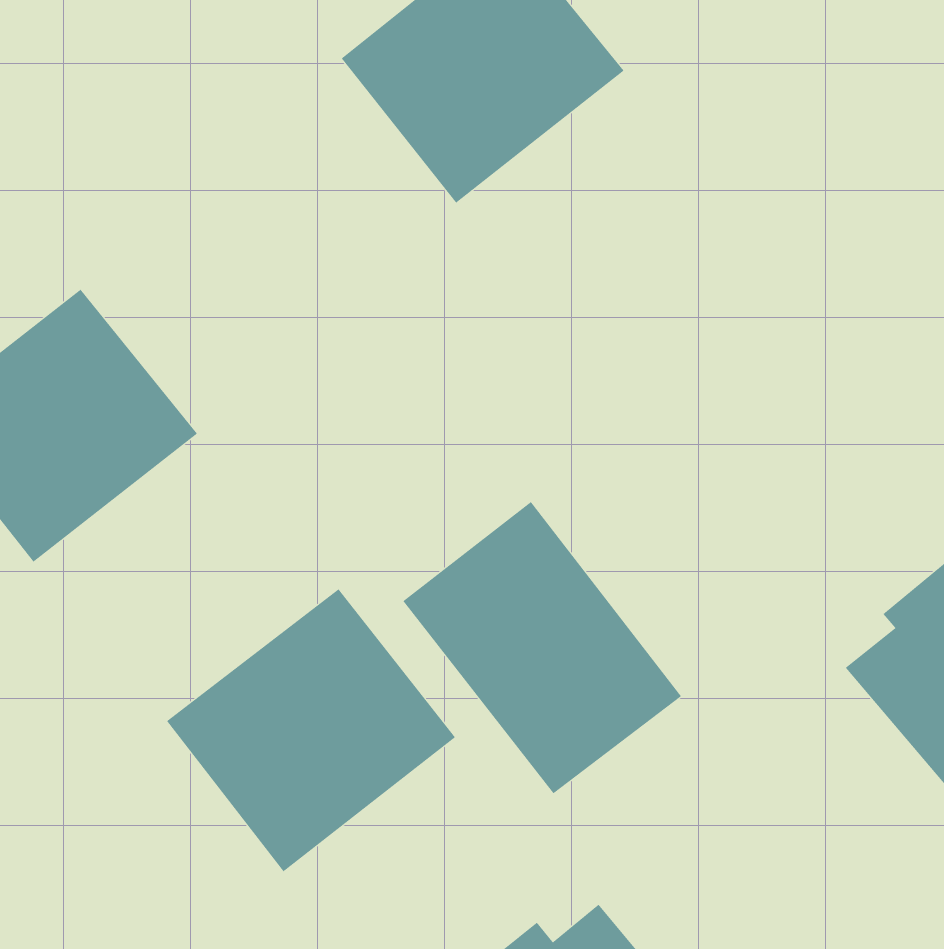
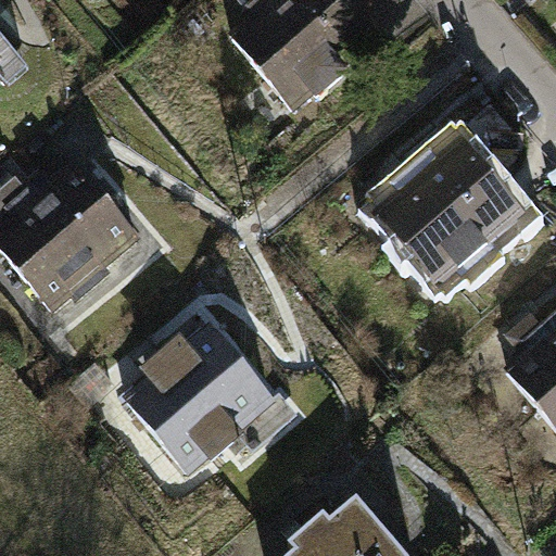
building: none -> [374,141,520,288]
building: [402,501,682,794] -> none

